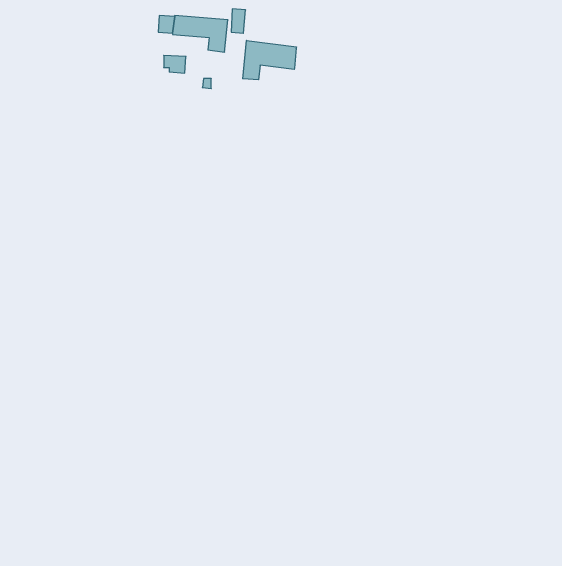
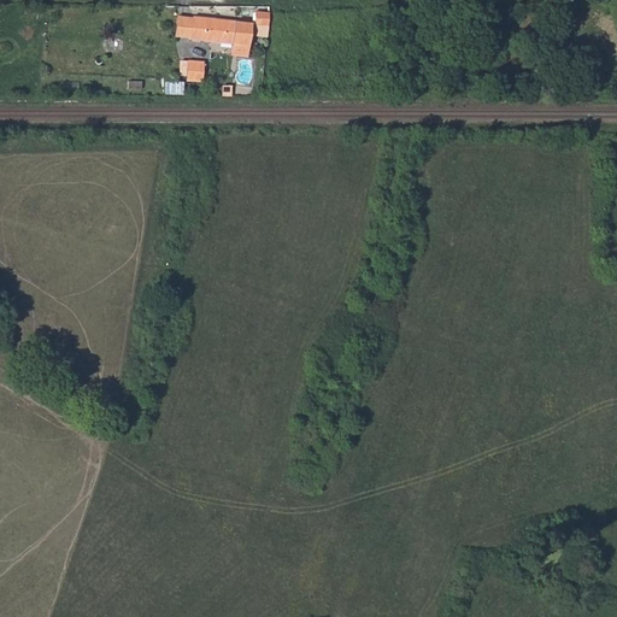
building: [243,40,296,80] -> none

